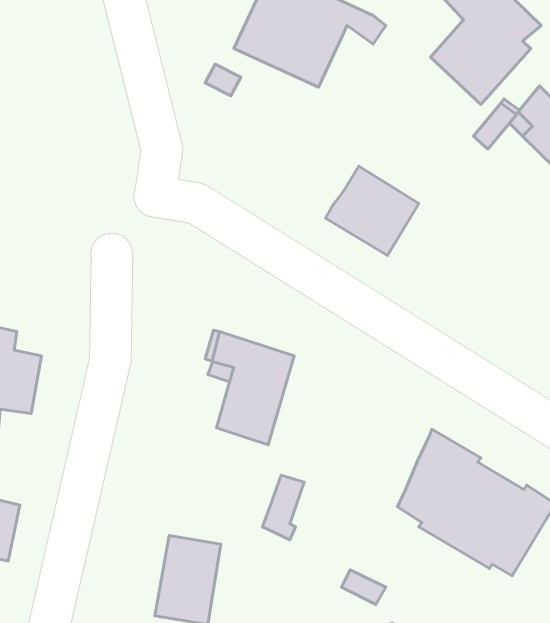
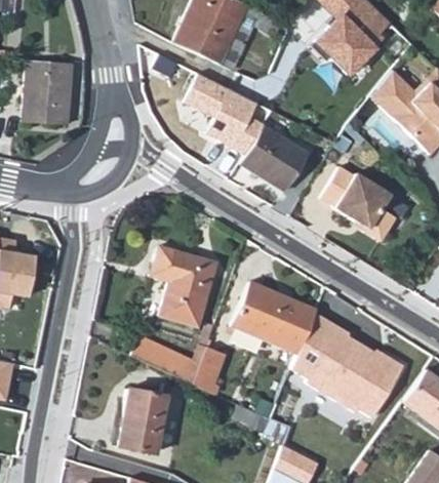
building: none -> [25,62,72,125]
building: none -> [185,73,265,153]
building: none -> [322,166,396,241]
building: none -> [234,282,317,355]
building: none -> [134,333,202,383]

